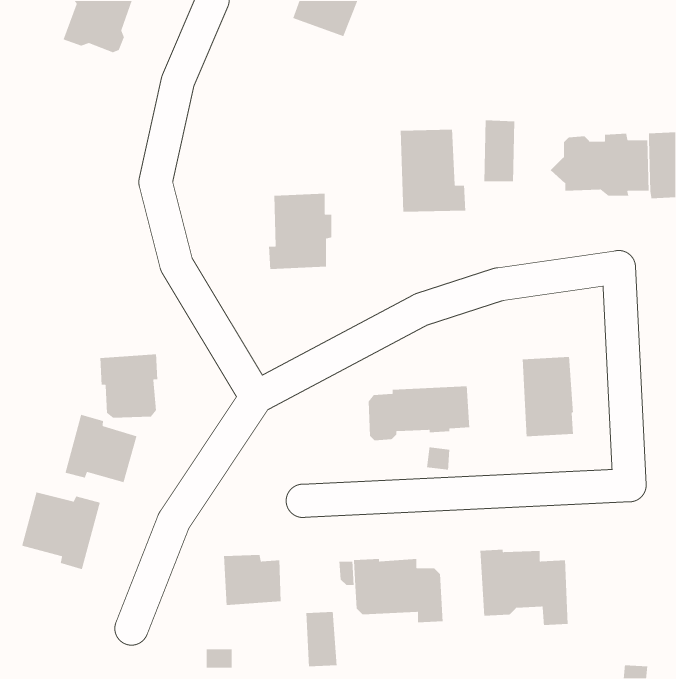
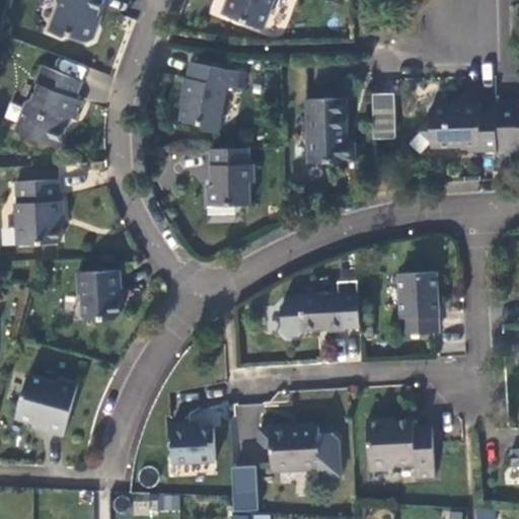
building: none -> [179,62,236,133]
building: none -> [15,65,82,147]
building: none -> [15,179,62,244]
building: [64,414,138,483] -> none

